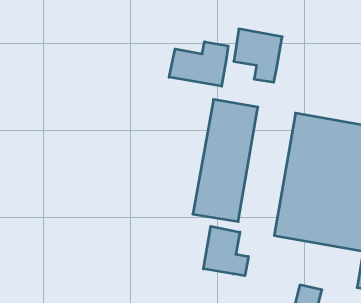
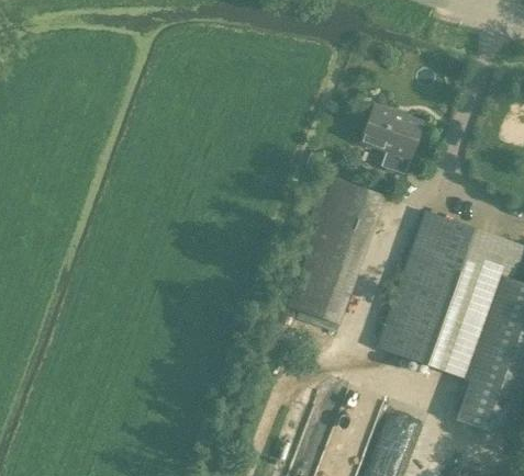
building: [169,42,228,86] -> none
building: [203,226,248,276] -> none

